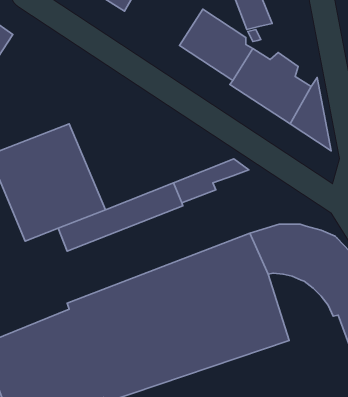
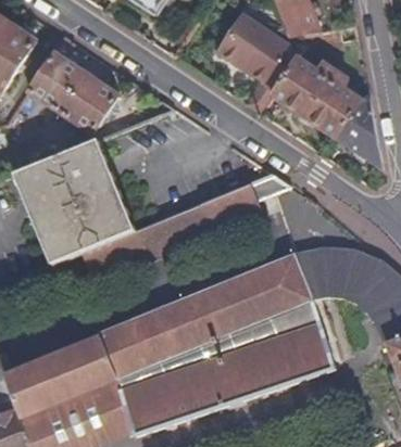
building: none -> [28,52,117,131]

